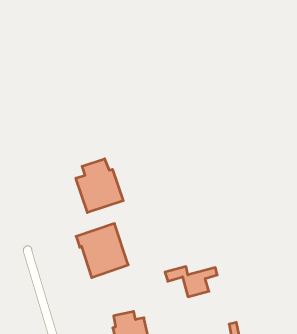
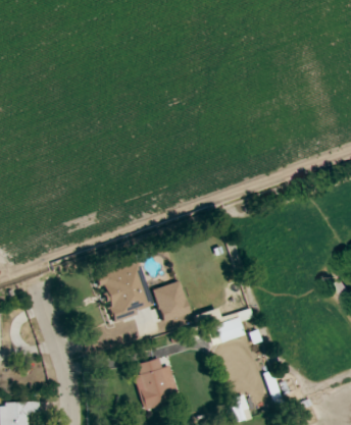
building: [76,159,123,213] -> none
building: none -> [151,280,189,321]

